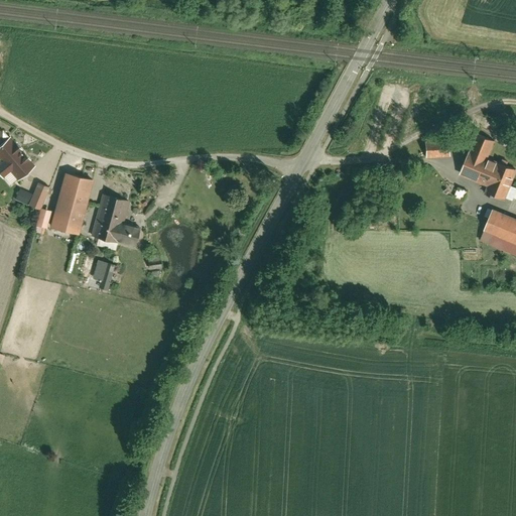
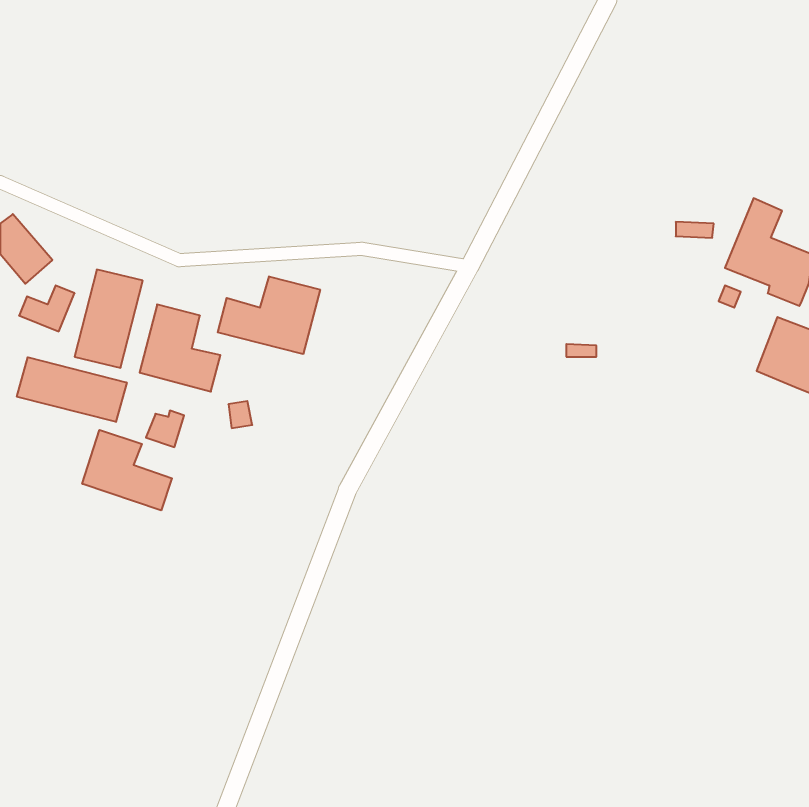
building: none -> [218,276,320,354]
building: none -> [17,357,127,422]
building: none -> [82,430,172,510]

